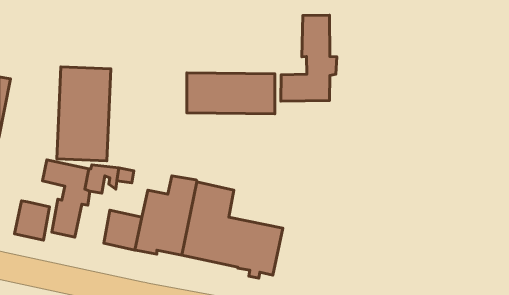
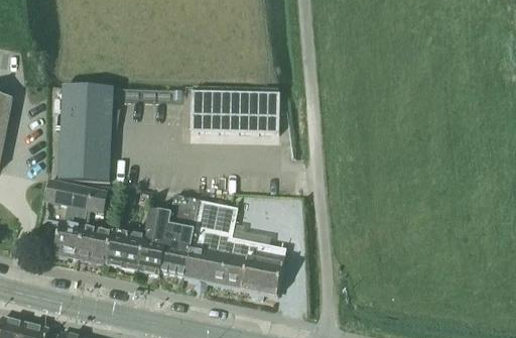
building: [281,15,337,101] -> none
building: [15,201,50,240] -> [77,224,112,263]

